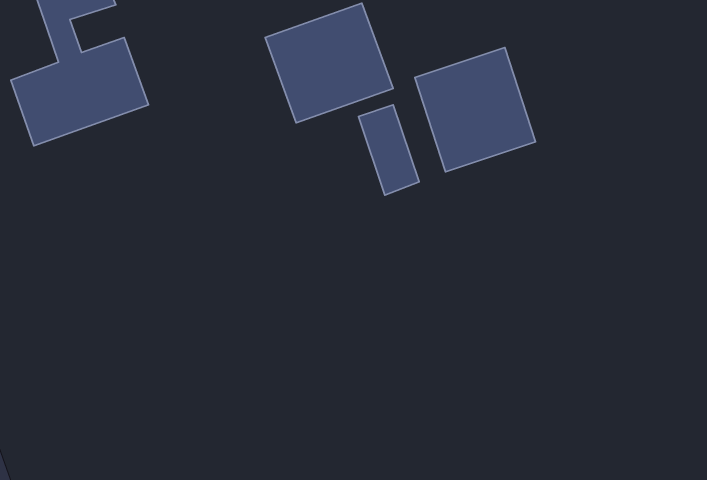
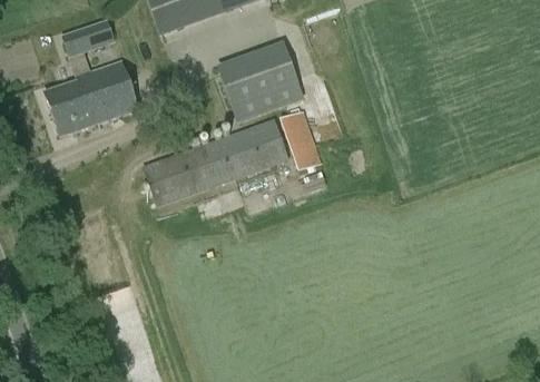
building: [415,48,536,172] -> none
building: none -> [143,117,289,207]

